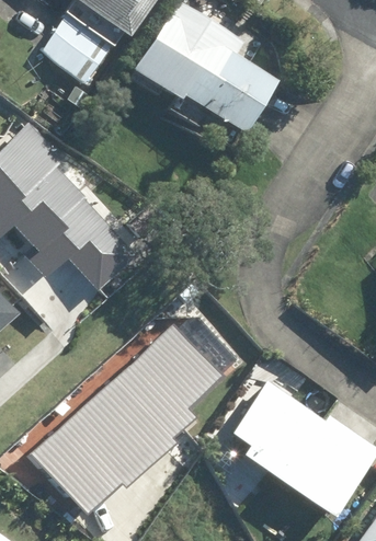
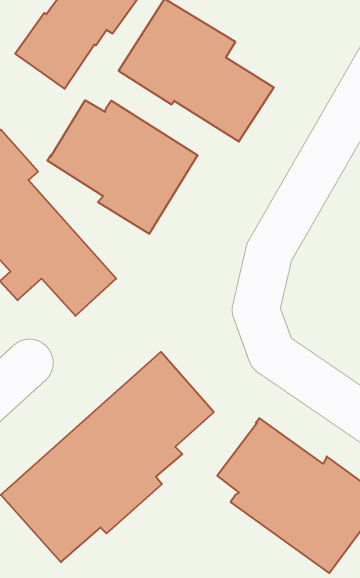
building: none -> [47,100,198,234]

